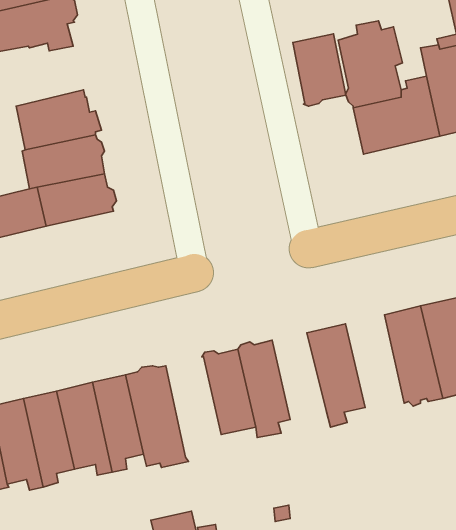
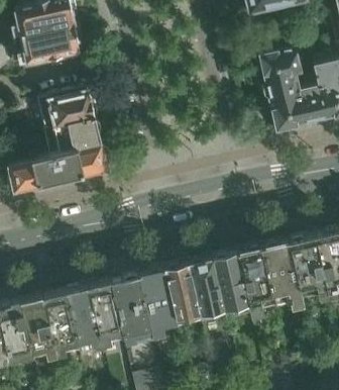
building: [293,34,346,106] -> none
building: none -> [263,240,304,308]
building: none -> [214,253,250,311]
building: none -> [142,269,180,336]

